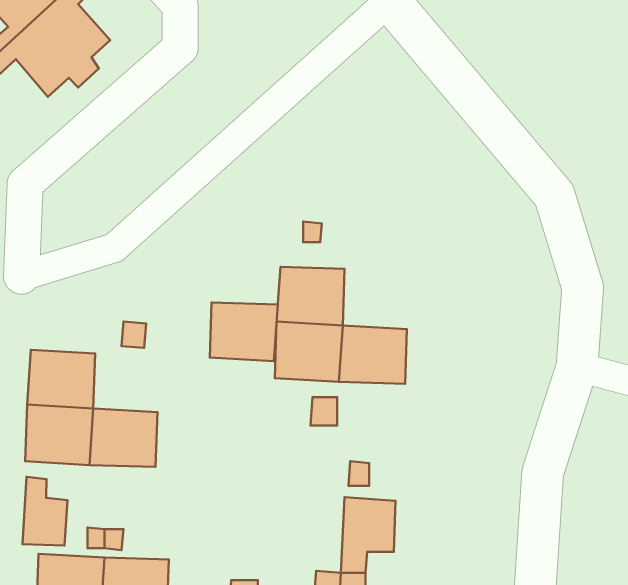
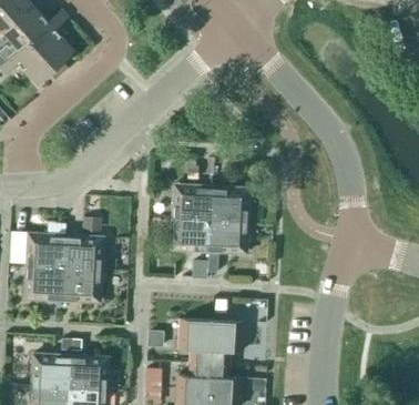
building: none -> [211,185,251,221]
building: [210,303,278,361] -> [64,235,104,270]
building: [23,477,68,545] -> none
building: none -> [180,318,212,364]

